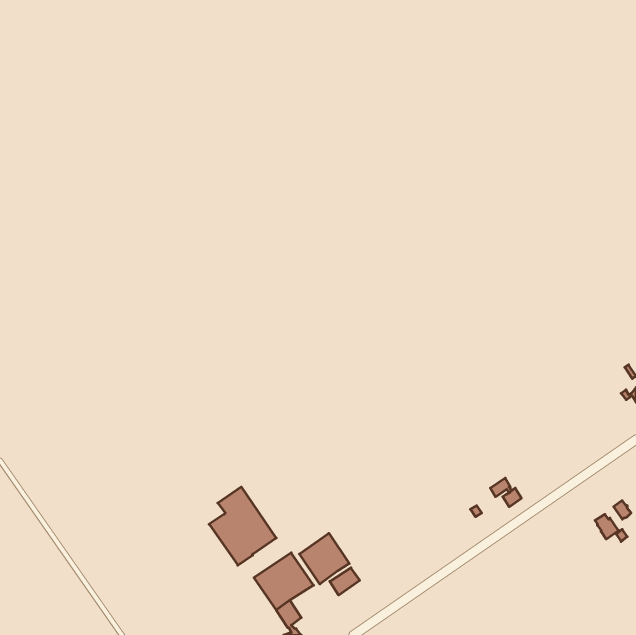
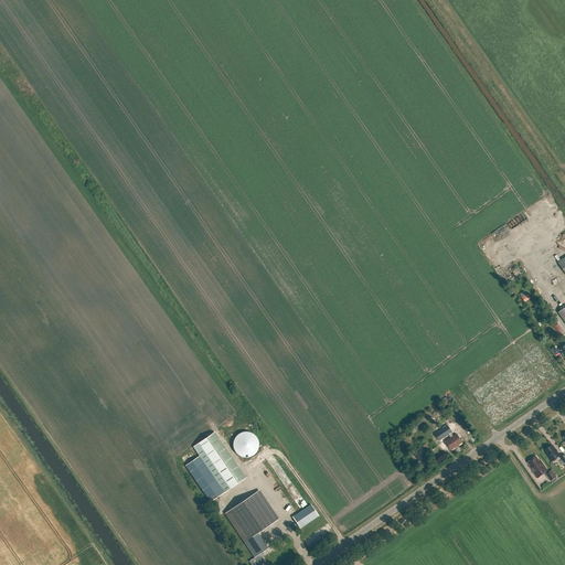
building: none -> [233,430,258,457]
building: [299,533,349,584] -> none

